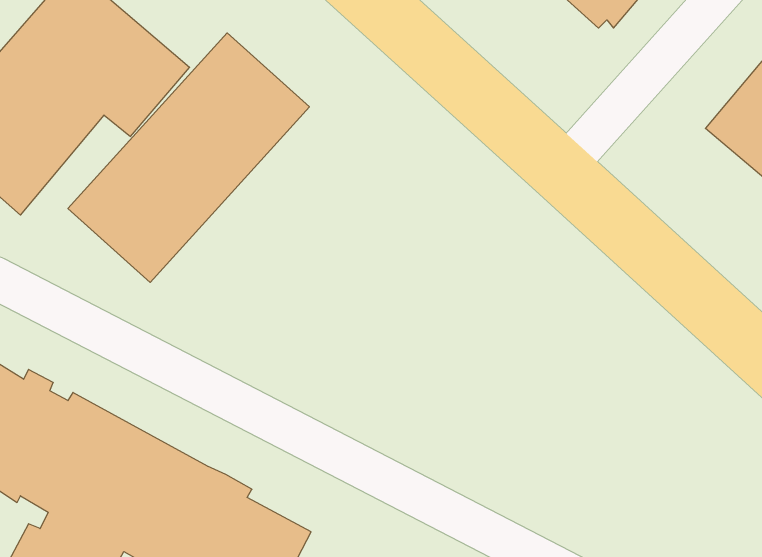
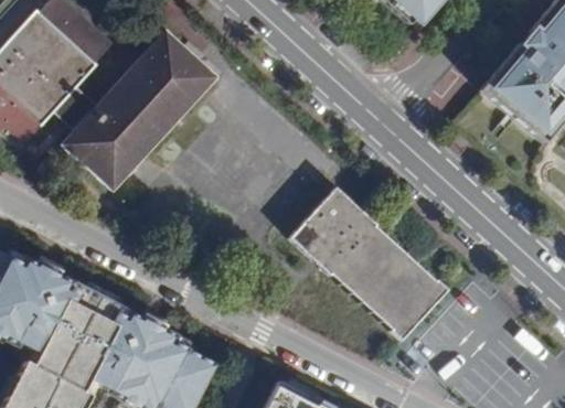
building: none -> [284,189,447,343]

